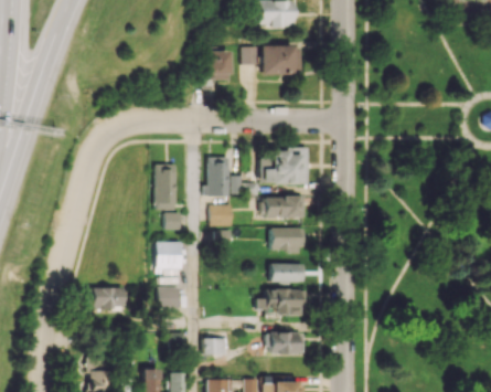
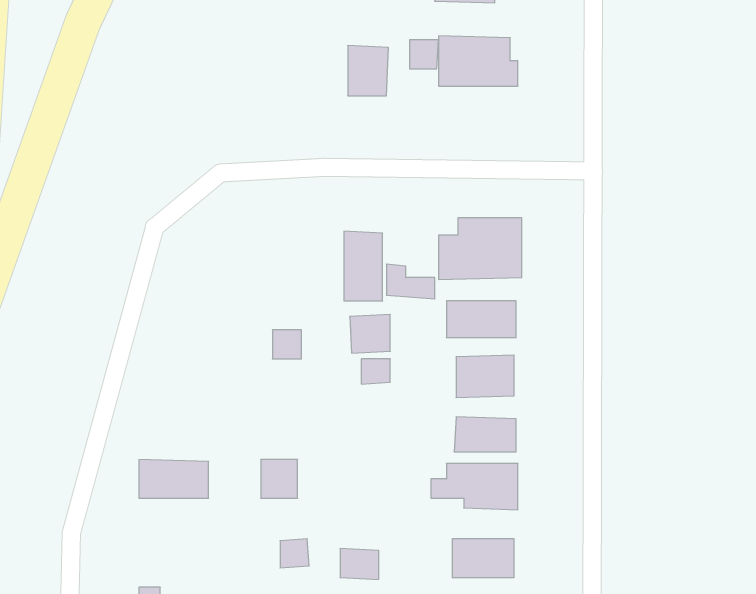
building: [153,165,175,211] -> none
building: [154,242,182,269] -> none

